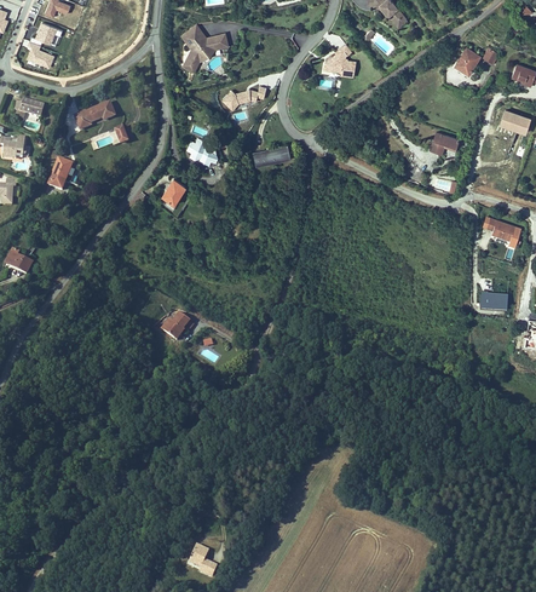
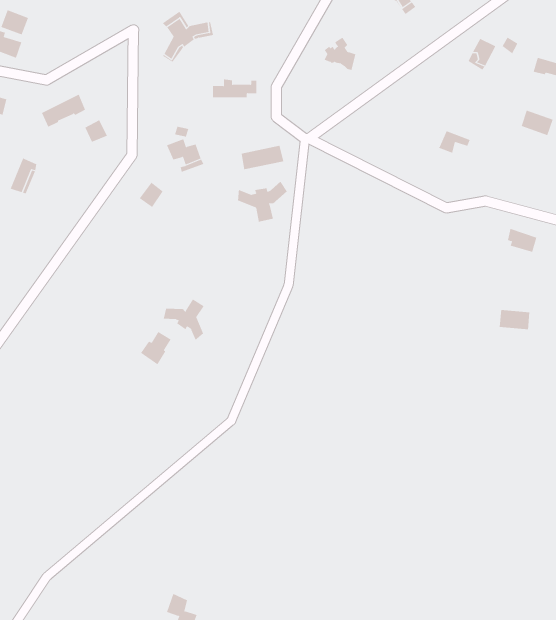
building: none -> [237,181,287,222]
building: none -> [163,298,204,341]

